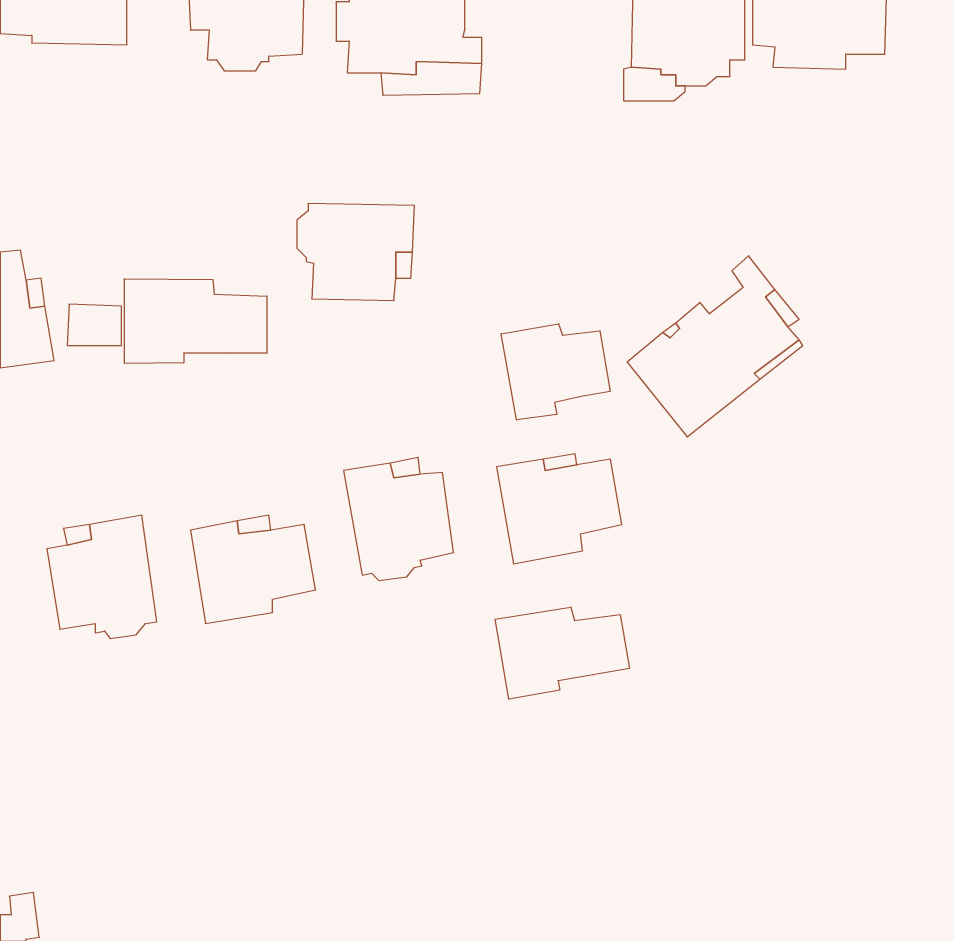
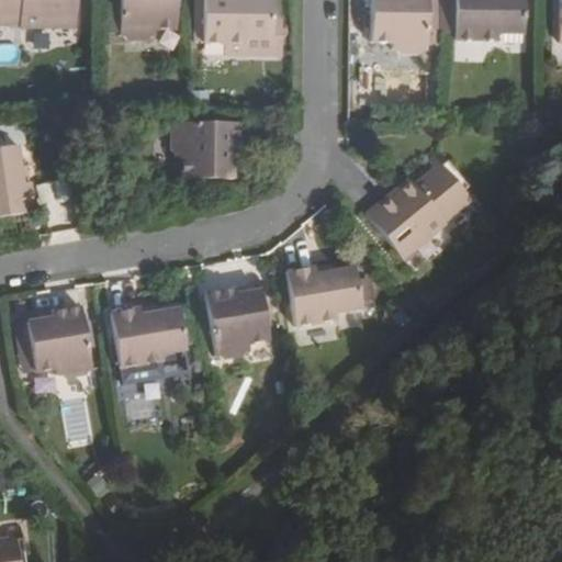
building: [124,279,267,363] -> none
building: [501,324,610,420] -> none
building: [495,607,629,699] -> none

